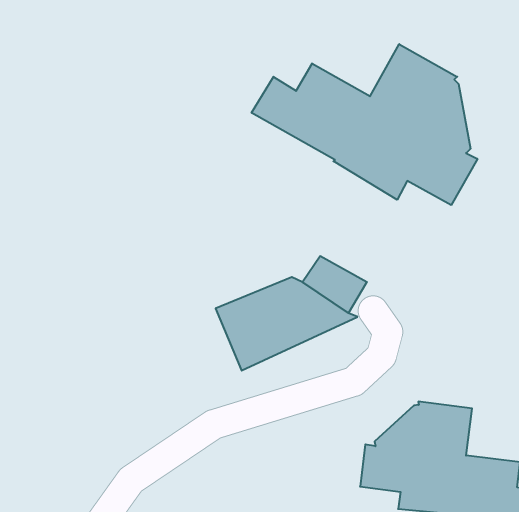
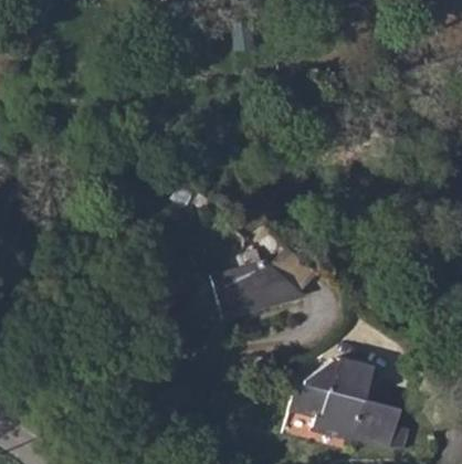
building: [252,44,477,205] -> none

